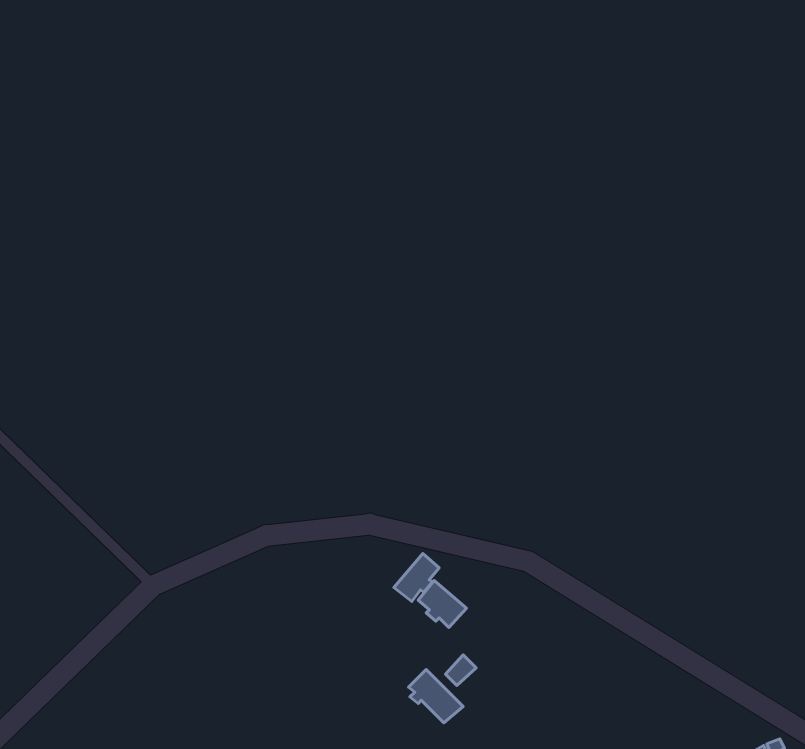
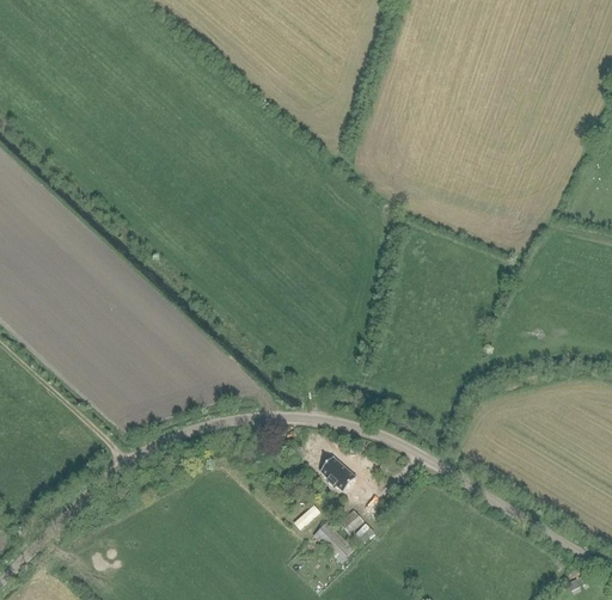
building: [394,553,439,601] -> none

